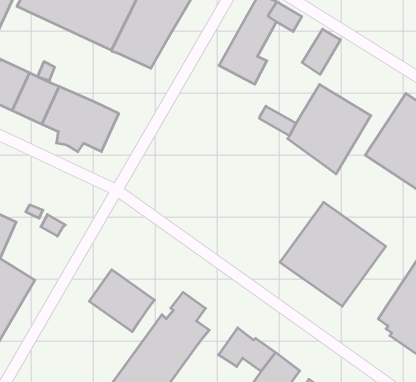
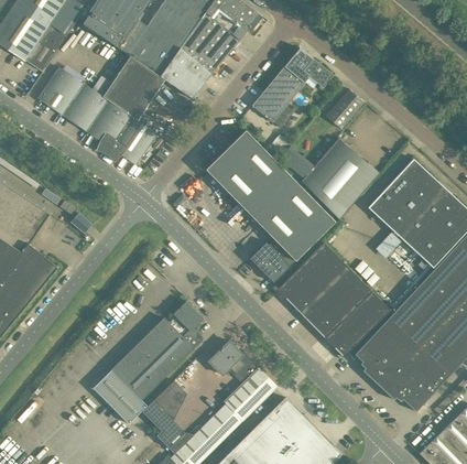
building: none -> [102,56,164,120]
building: none -> [206,130,335,282]
building: none -> [325,291,390,357]
building: [89,270,155,332] -> none

